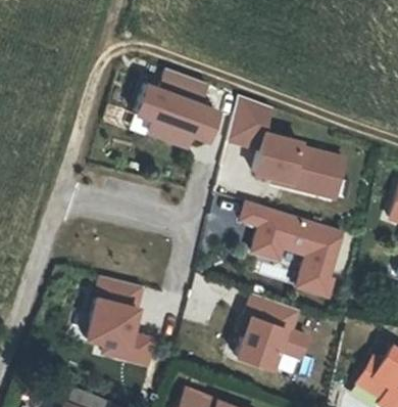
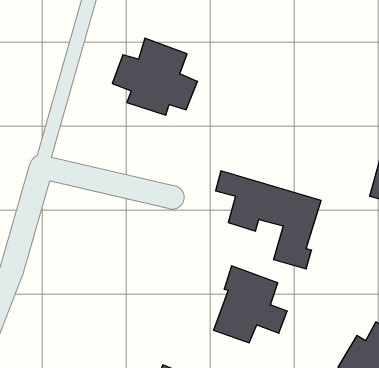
building: [232,98,349,194] -> none
building: [89,278,153,365] -> none

